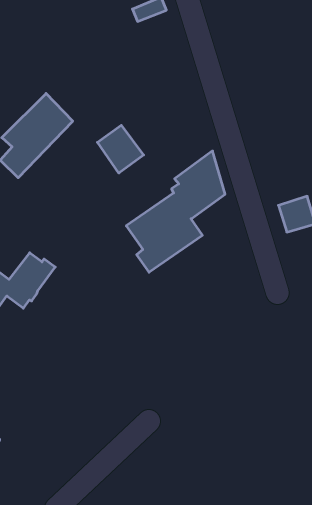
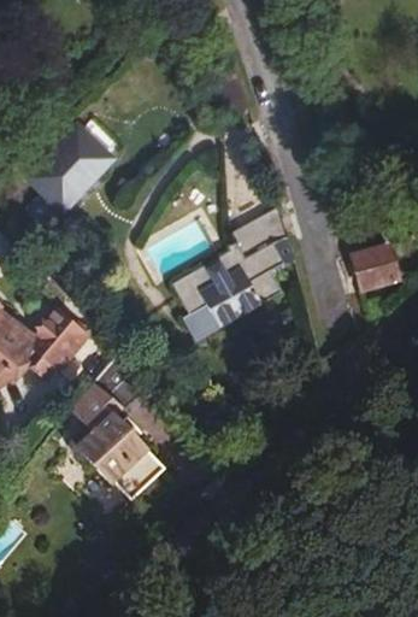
building: [97,125,144,173] -> none
building: none -> [72,351,165,500]

